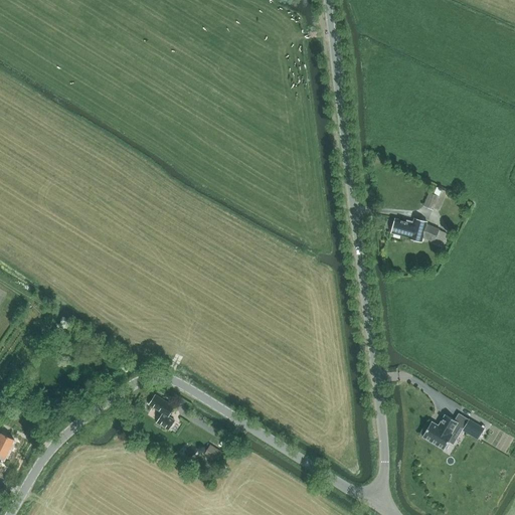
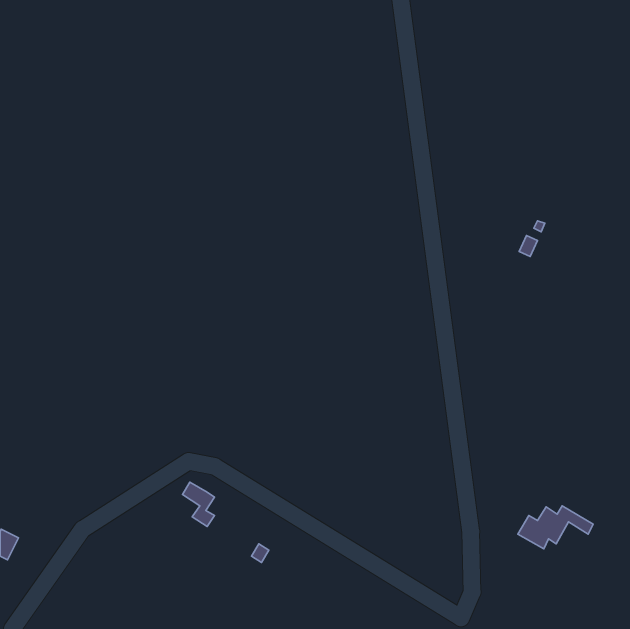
building: [391,217,447,243] -> none

